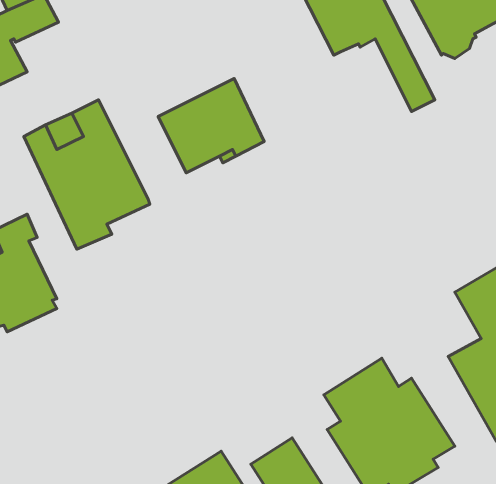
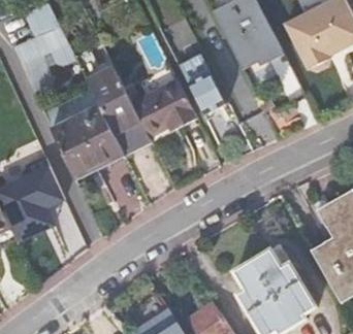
building: none -> [178,55,224,114]
building: none -> [86,65,151,153]

